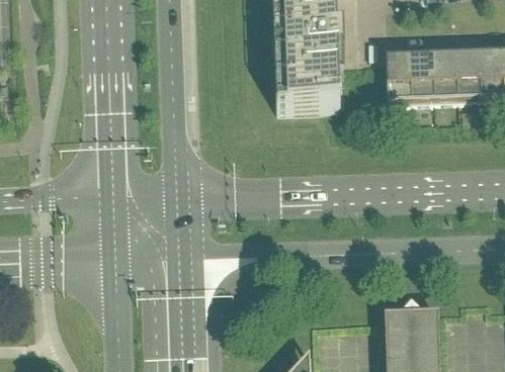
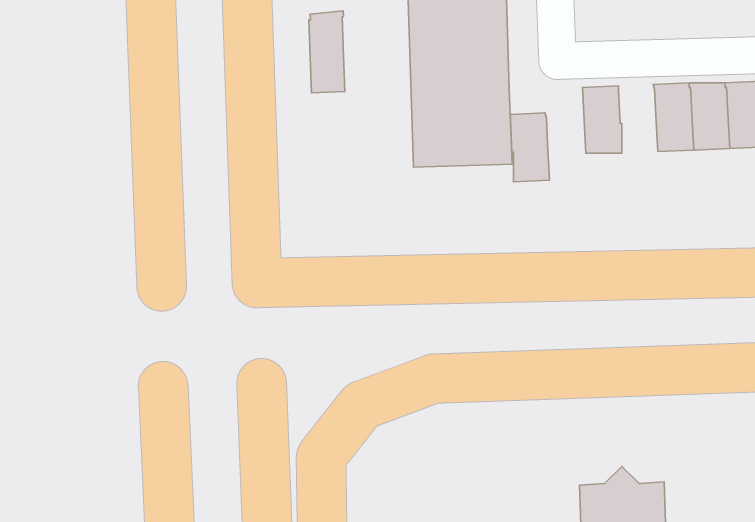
building: none -> [309,11,345,93]
building: [410,56,435,100] -> [510,113,549,182]

